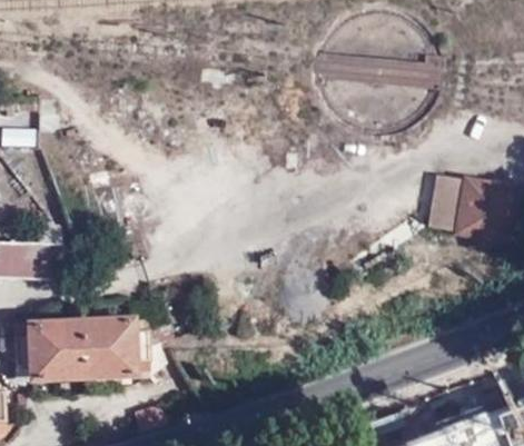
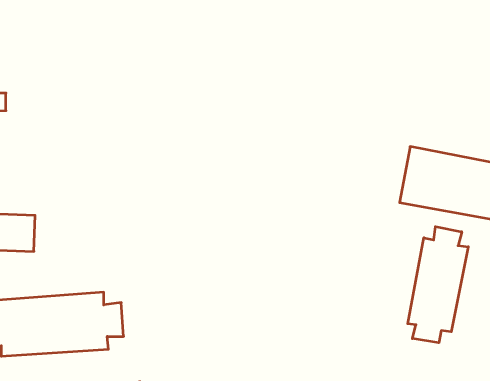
building: none -> [408,227,468,343]

